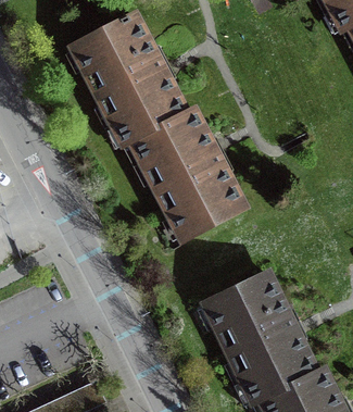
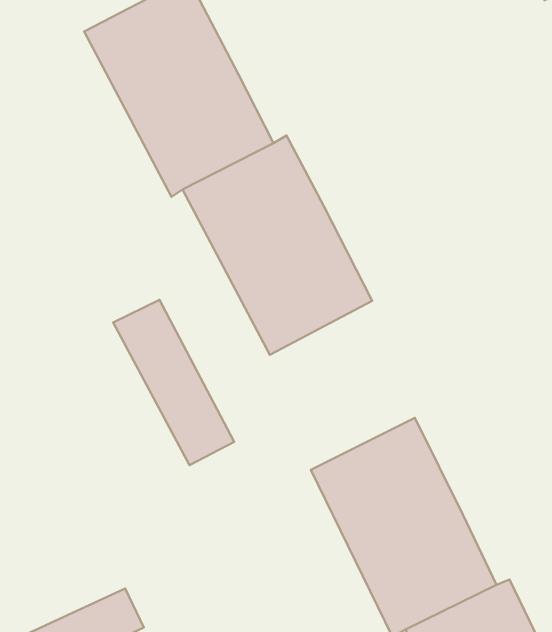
building: none -> [113,300,234,465]

